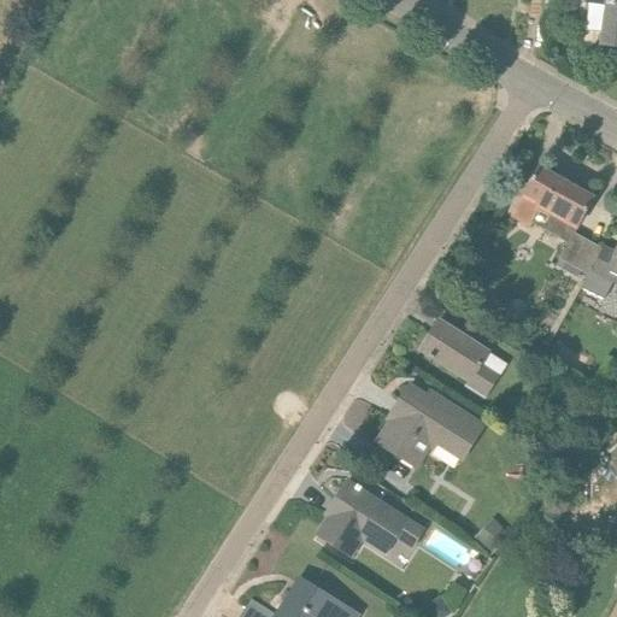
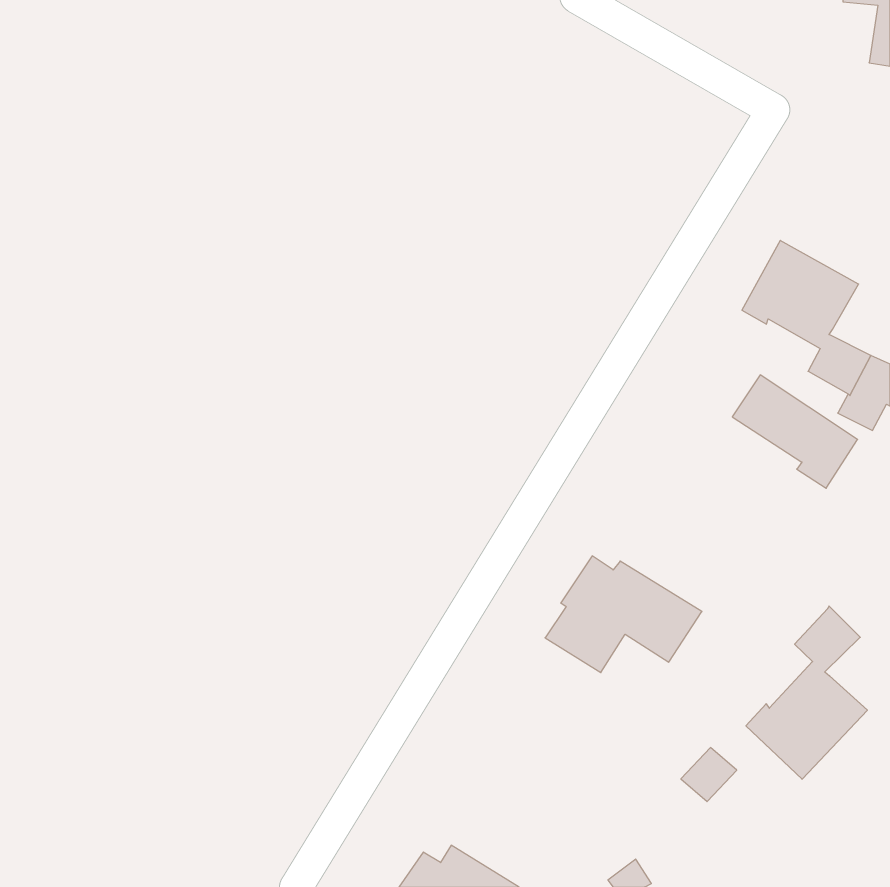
building: [419,319,506,398] -> [732,375,858,488]
building: none -> [746,606,867,779]
building: [316,480,424,553] -> none

